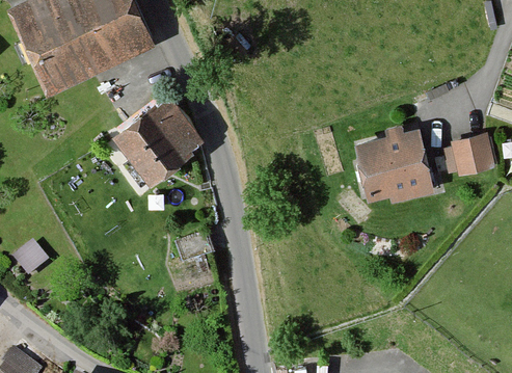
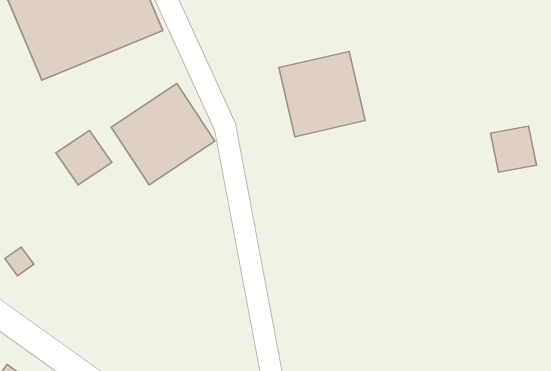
building: [356,128,434,205] -> [279,51,365,137]
building: none -> [56,131,112,185]

